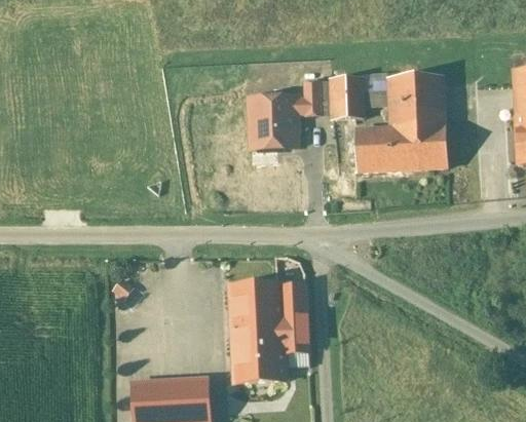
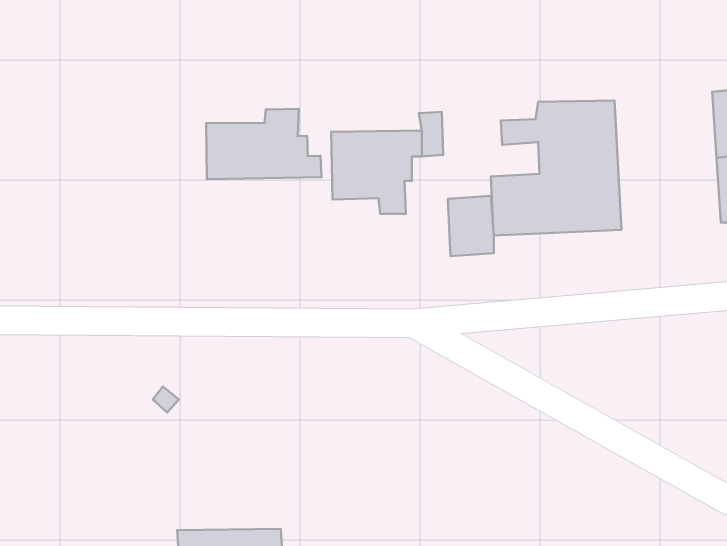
building: [331,76,364,119] -> [448,196,494,256]
building: none -> [206,109,321,179]
building: [229,282,308,381] -> none

